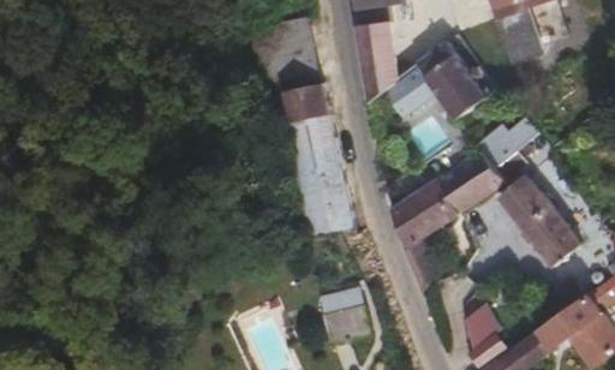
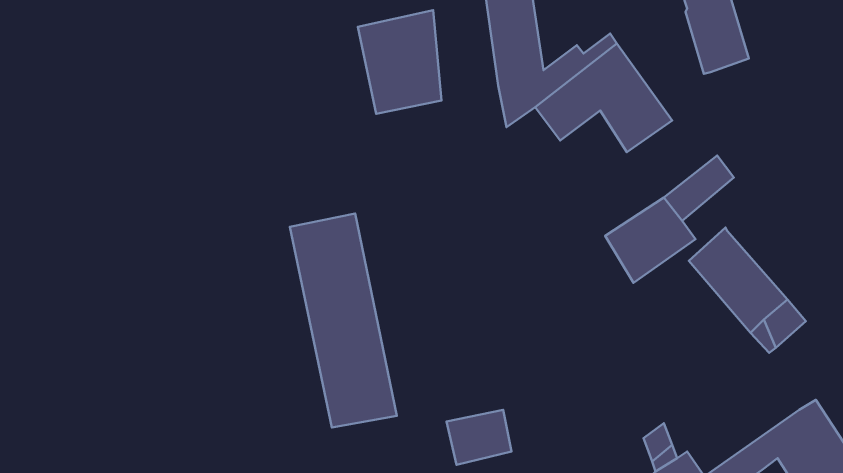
building: [274,82,351,235] -> [290,214,397,428]
building: [390,179,459,288] -> none

